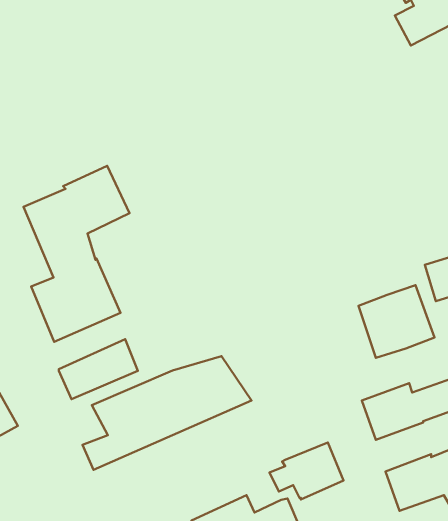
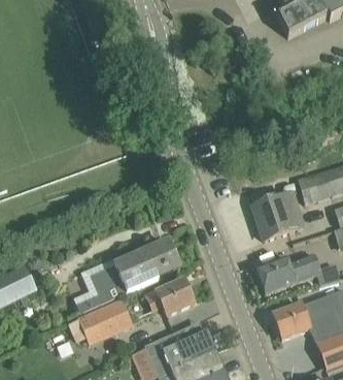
building: [24,166,129,342] -> none
building: [59,339,138,399] -> [78,298,130,338]
building: [269,443,344,499] -> [148,278,197,315]

